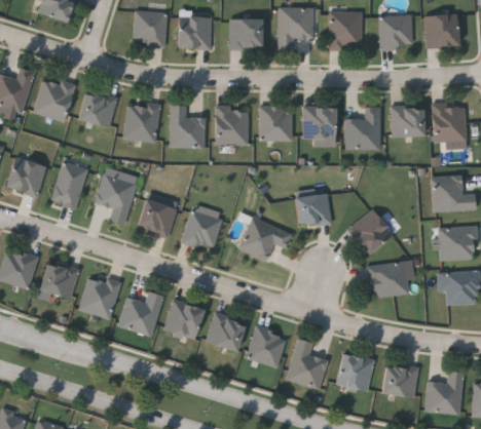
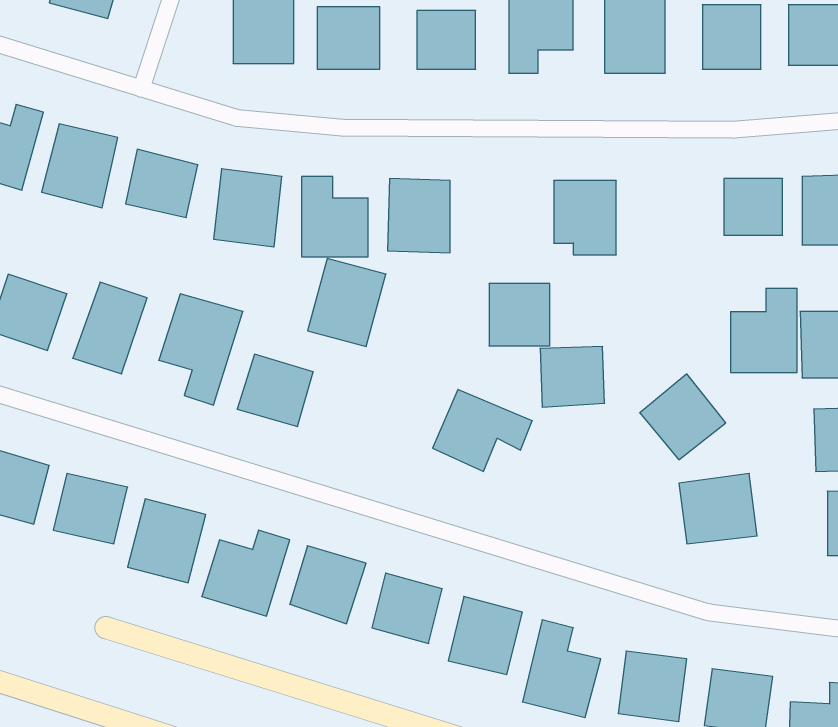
building: [345,106,380,150] -> [731,288,797,372]
building: [259,107,291,140] -> [489,284,550,346]
building: [182,203,223,249] -> [308,259,386,346]

